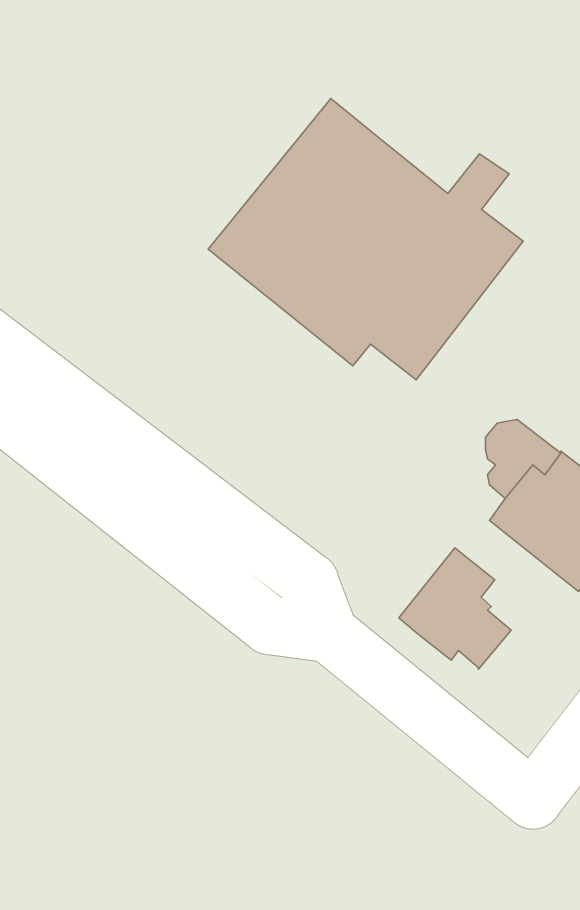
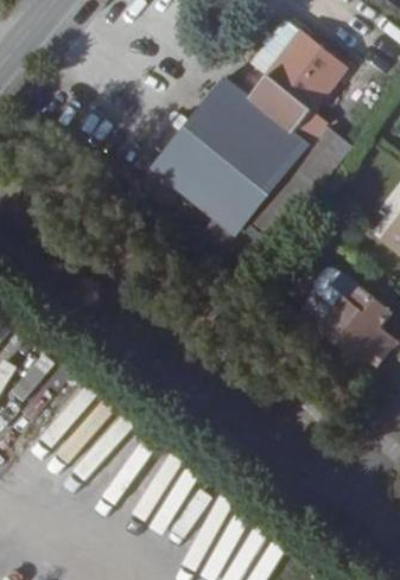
building: none -> [248,26,347,133]
building: [399,548,511,669] -> none

